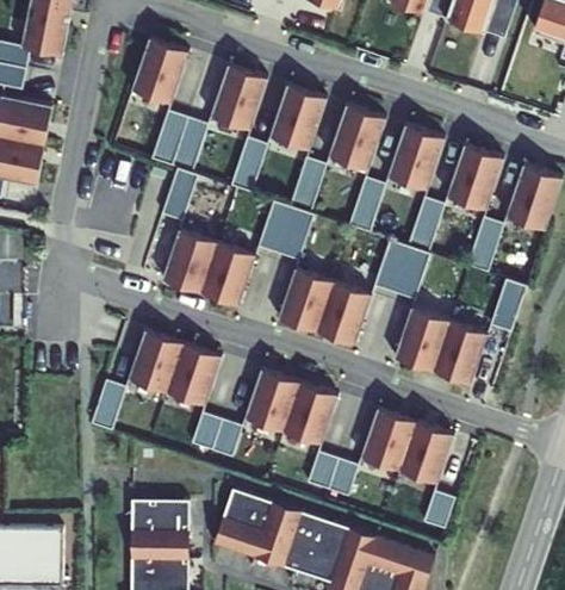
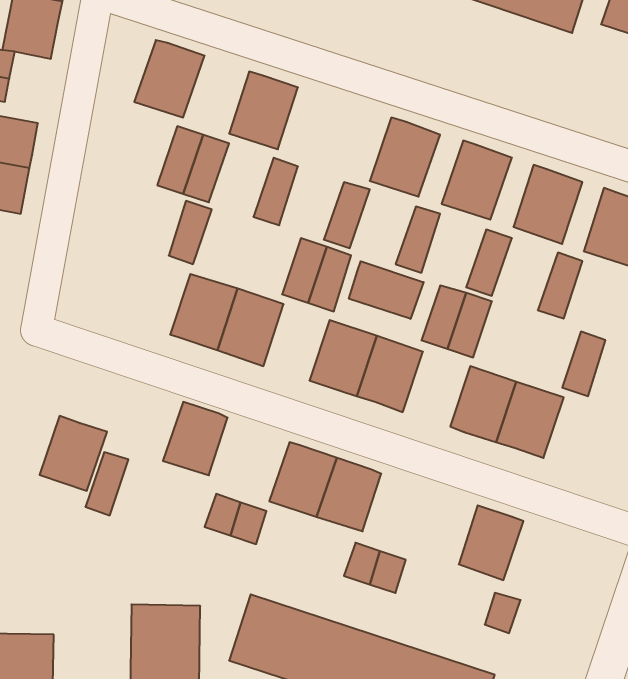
building: [269,81,328,147] -> none
building: none -> [349,261,424,319]
building: [117,324,173,386] -> [40,416,107,491]
building: [362,410,417,472] -> none

